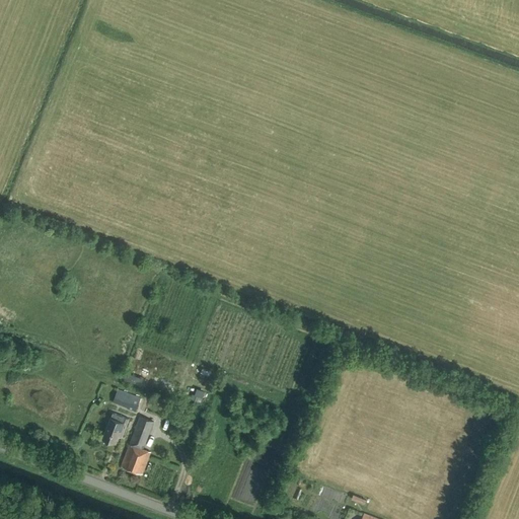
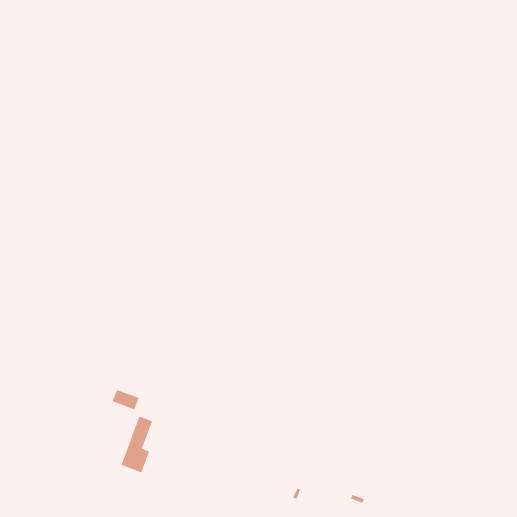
building: [101,413,128,444] -> none

